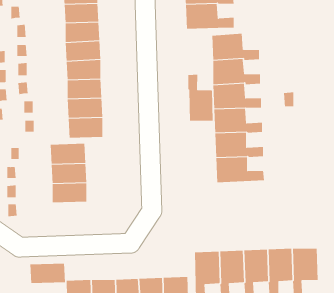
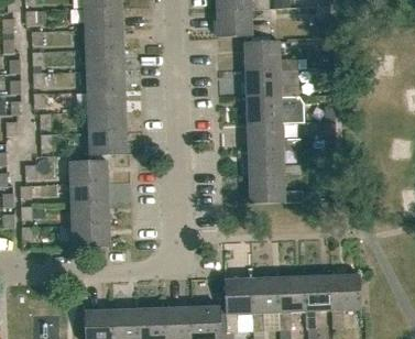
building: [188,74,213,121] -> none
building: [30,263,66,283] -> [70,223,110,245]

